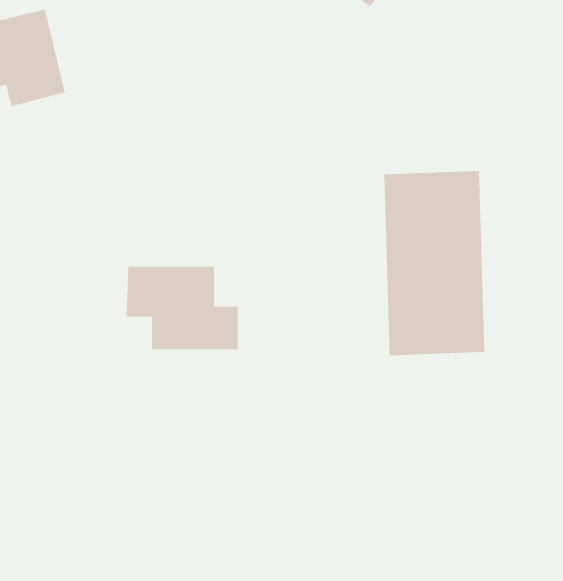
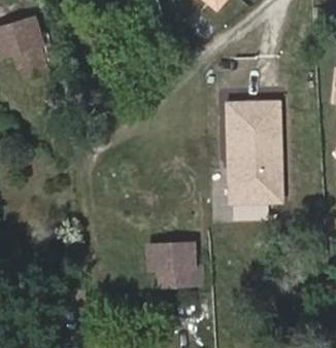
building: [126,266,238,350] -> [143,239,207,286]

